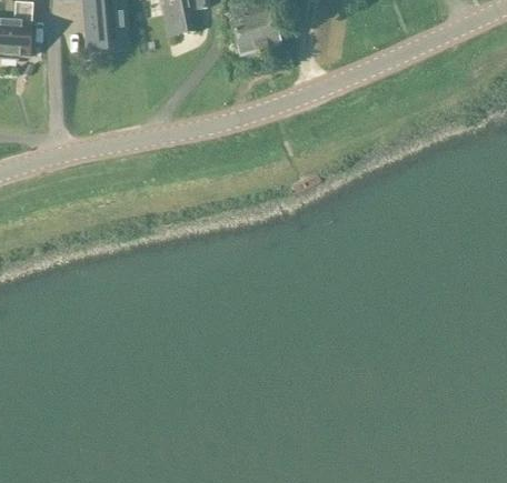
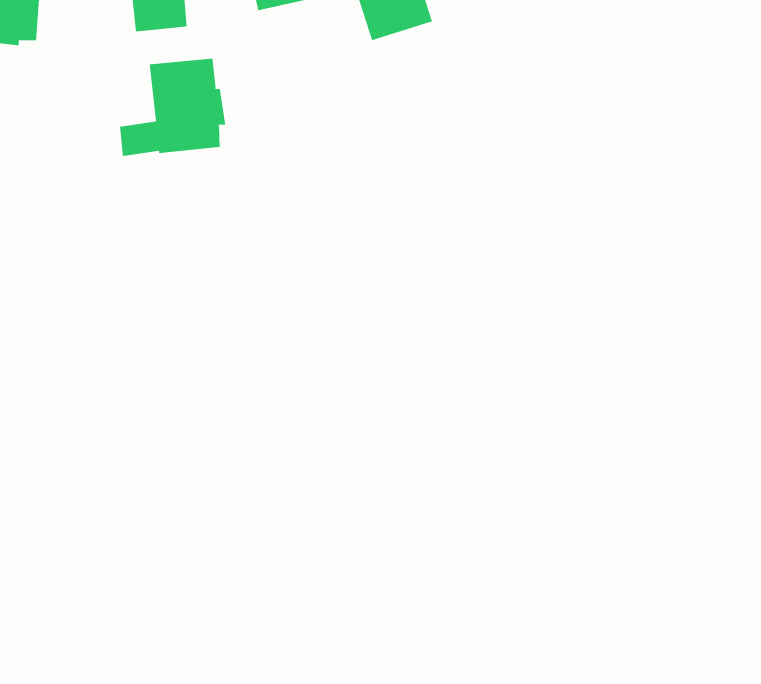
building: none -> [120,58,226,157]

